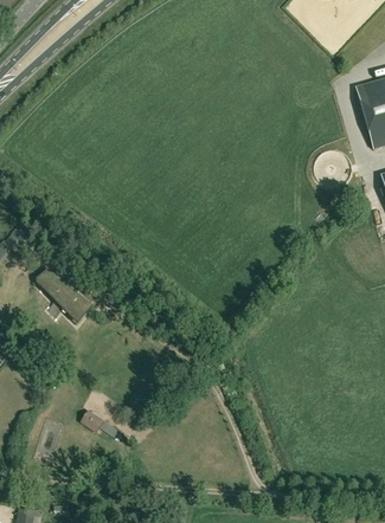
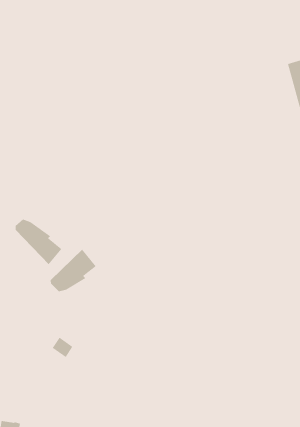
building: none -> [50,249,96,292]

